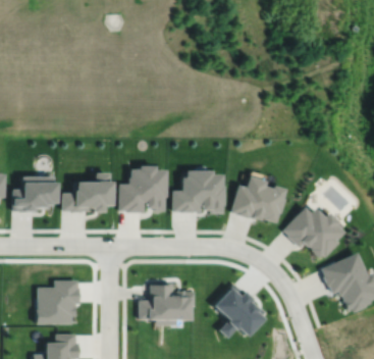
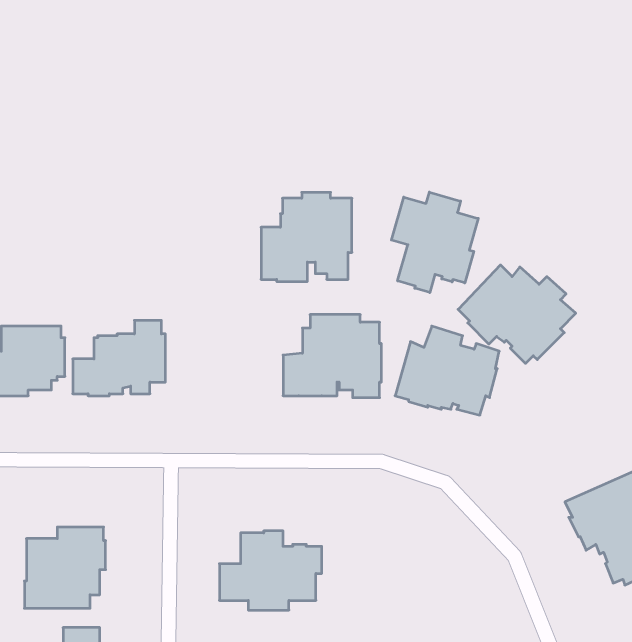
building: none -> [391,192,478,293]
building: [118,165,166,212] -> [261,192,352,281]
building: [283,206,345,258] -> [458,265,576,363]
building: [215,285,264,338] -> none

